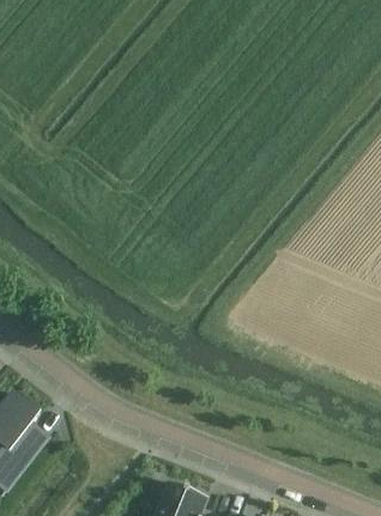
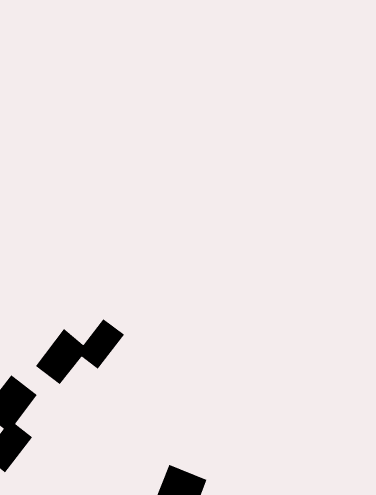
building: none -> [35,318,125,385]

